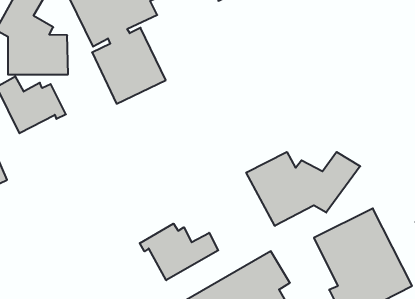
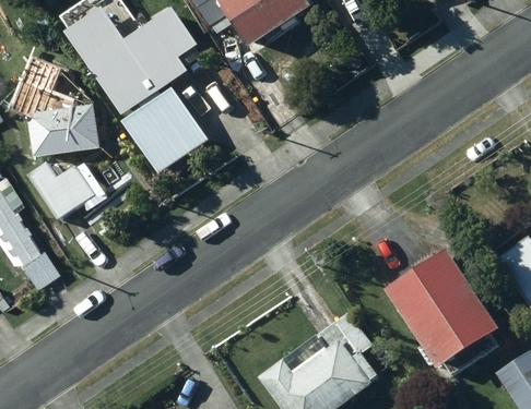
building: [246,152,360,226] -> none
building: [140,224,218,280] -> none

